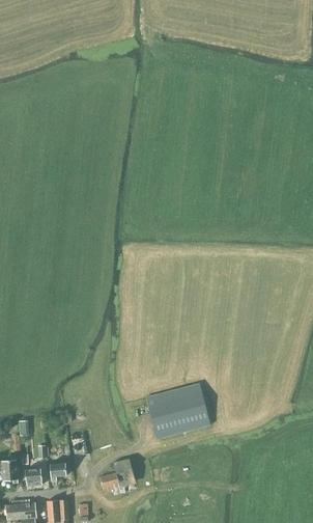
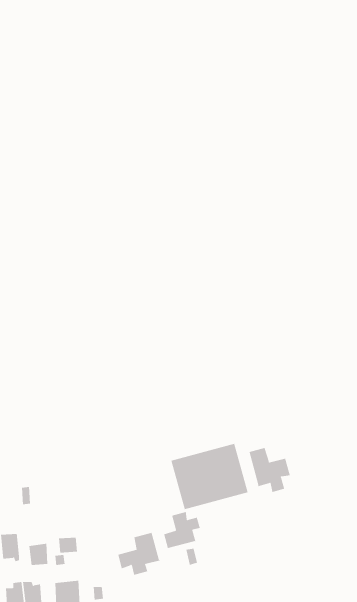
building: none -> [249,447,290,493]
building: none -> [163,511,201,549]

